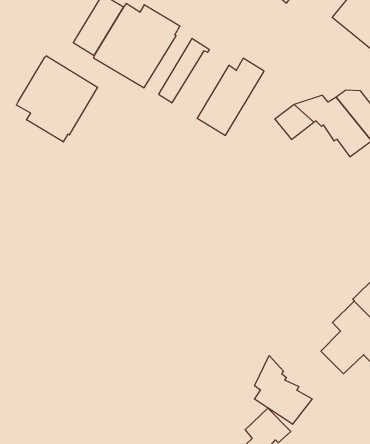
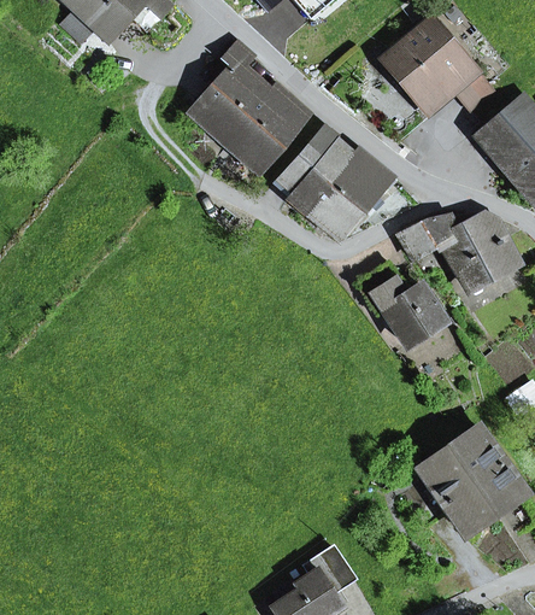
building: none -> [288,145,374,217]
building: [16,56,98,142] -> none
building: none -> [355,262,443,344]
building: [254,356,312,424] -> none

